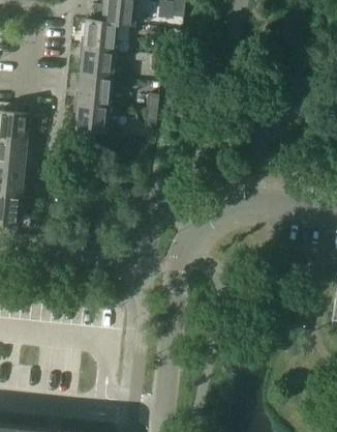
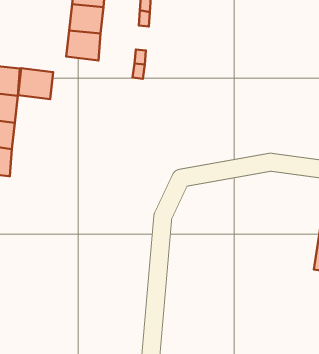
building: [73,103,110,135] -> [18,68,53,99]

